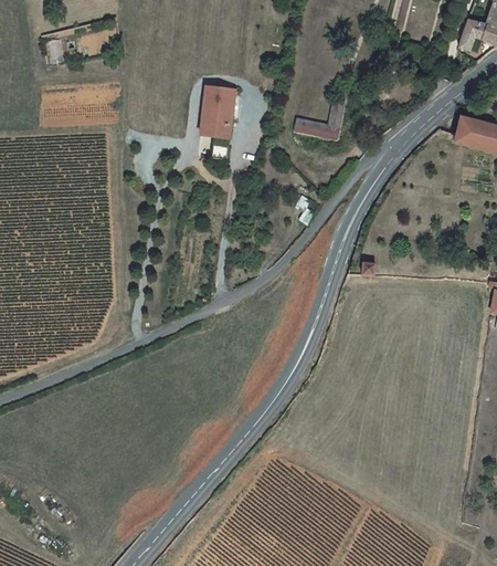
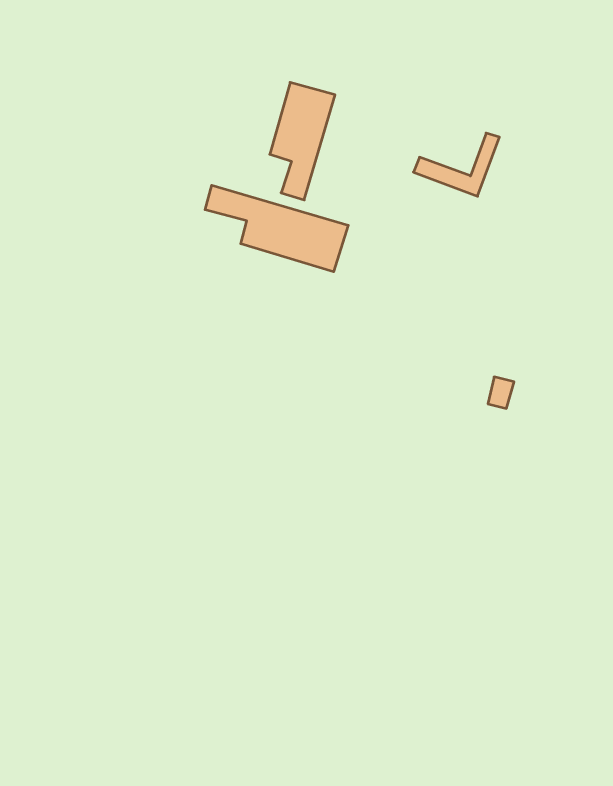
building: none -> [205,185,348,272]

